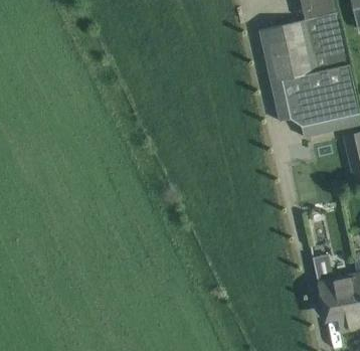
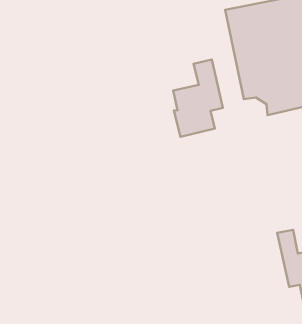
building: none -> [173,59,223,137]

